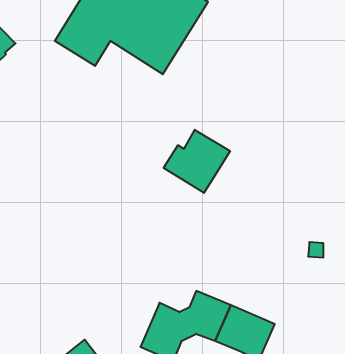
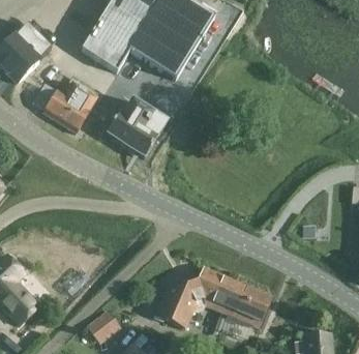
building: none -> [43,83,96,132]
building: [164,130,230,193] -> [102,108,160,163]

